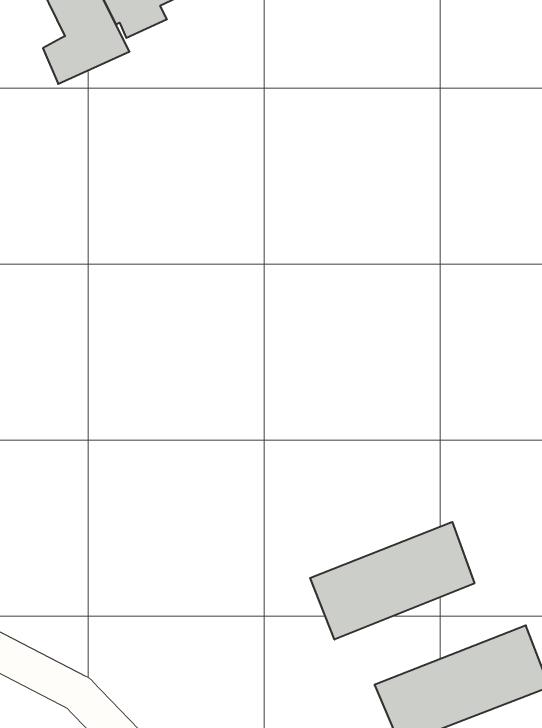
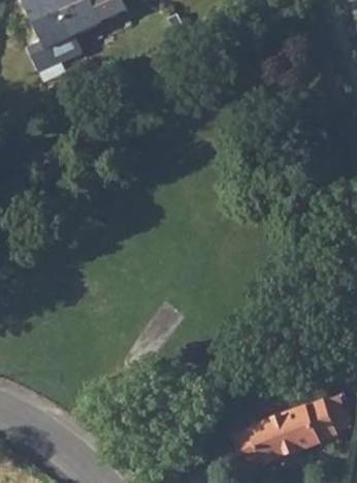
building: [310,522,474,640] -> none

